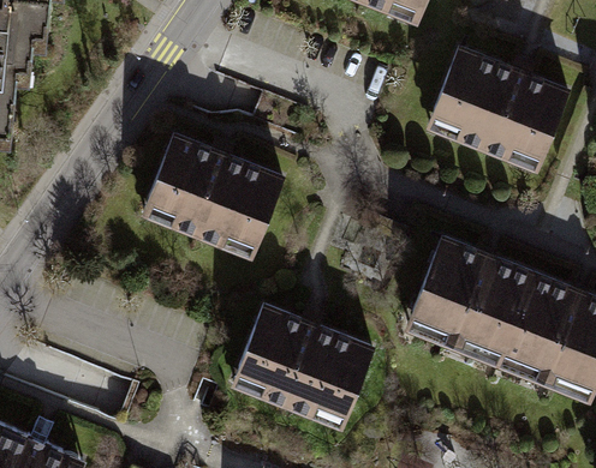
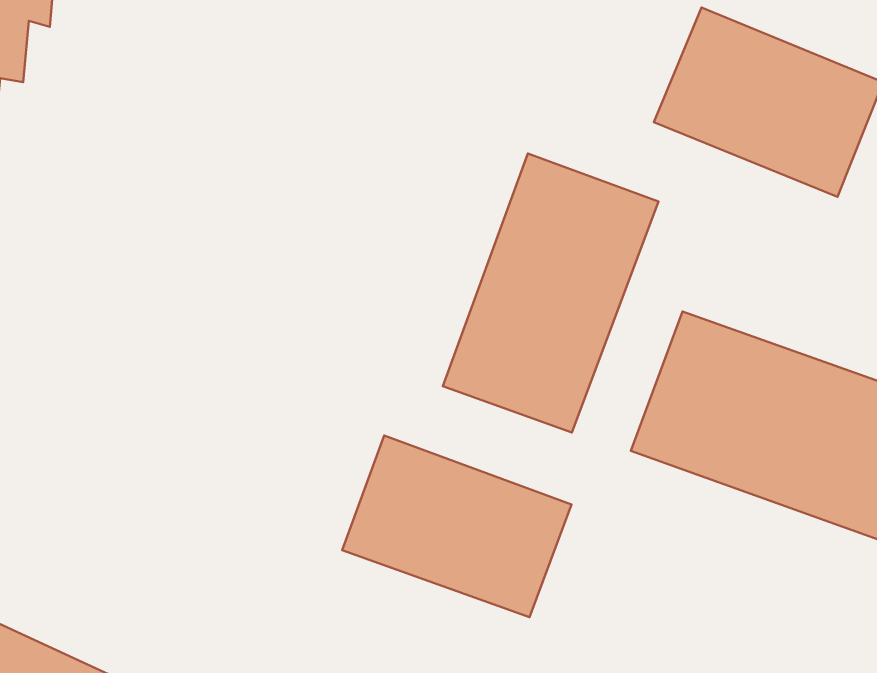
building: none -> [443,154,659,433]
building: [142,144,279,254] -> none

